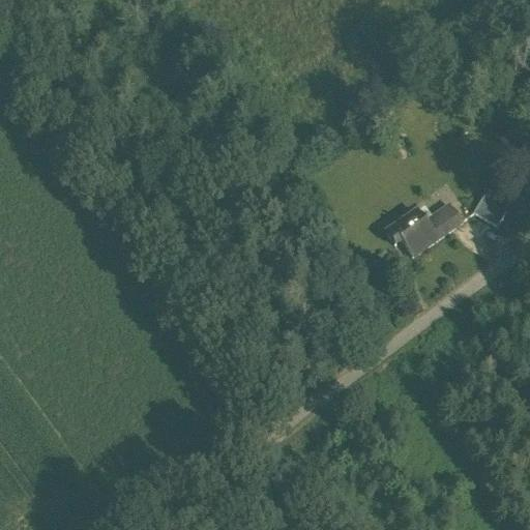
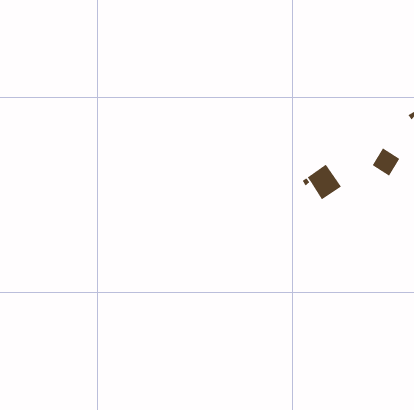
building: [424,203,463,238] -> none

